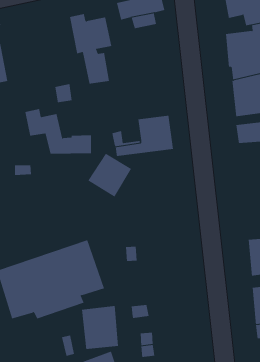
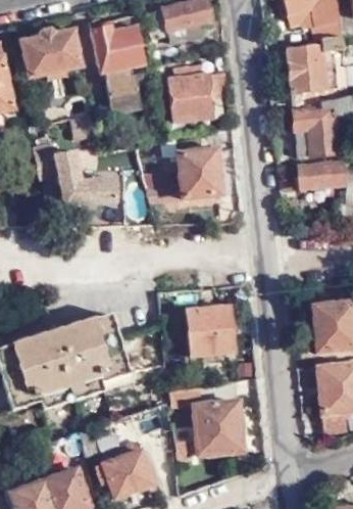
building: none -> [19,29,81,78]
building: none -> [166,64,226,122]
building: [88,153,132,197] -> none
building: none -> [190,307,236,354]
building: [81,306,119,349] -> [197,399,244,454]

